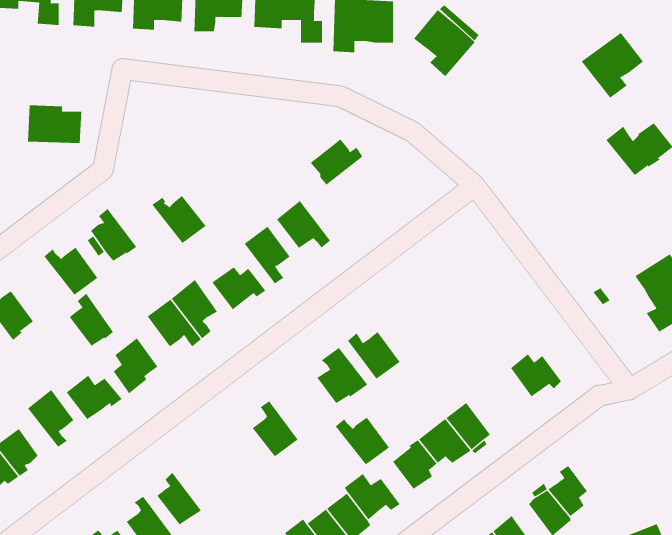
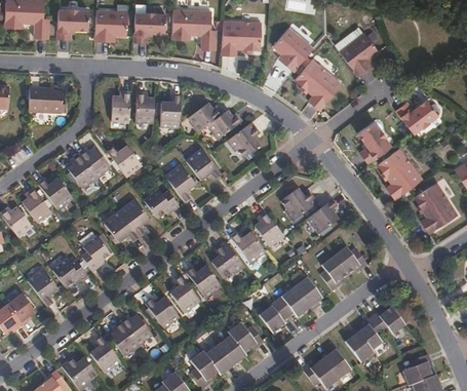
building: [581,32,644,99] -> [339,33,379,75]
building: none -> [295,60,342,110]
building: none -> [111,92,129,123]
building: none -> [135,92,154,123]
building: none -> [160,96,181,127]
building: none -> [188,103,222,132]
building: none -> [357,121,391,163]
building: none -> [227,122,260,158]
building: none -> [79,148,110,179]
building: none -> [378,148,422,199]
building: none -> [281,188,317,221]
building: none -> [307,199,338,234]
building: [69,293,114,346] -> [23,188,51,222]
building: none -> [255,211,283,246]
building: none -> [320,256,348,290]
building: [335,417,390,465] -> [186,266,221,297]
building: none -> [145,298,180,328]
building: none -> [372,307,405,335]
building: none -> [120,315,153,346]

